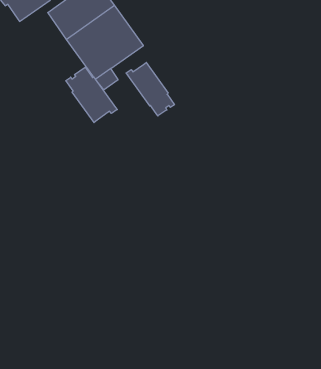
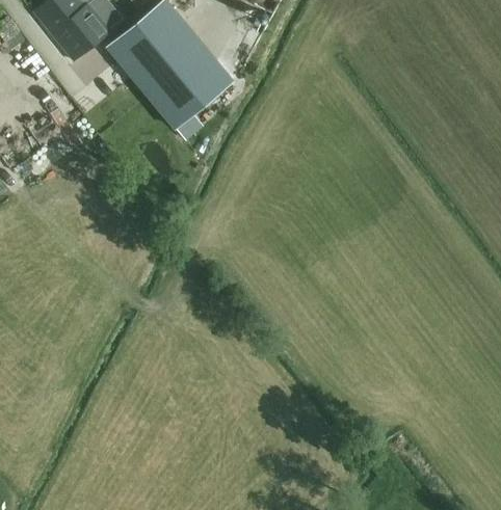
building: [126,62,174,116] -> none
building: [66,67,117,123] -> none

